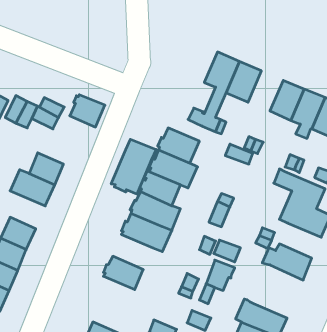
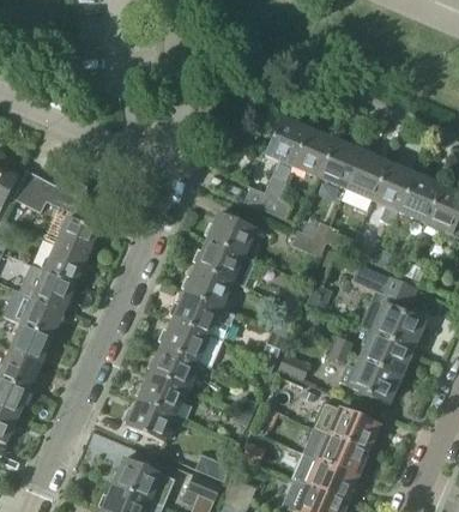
building: none -> [319,139,363,189]
building: [70,95,105,127] -> [54,216,98,257]
building: [111,139,156,194] -> none
building: none -> [19,290,64,338]
building: none -> [358,331,411,375]
building: none -> [147,345,199,390]
building: none -> [125,398,176,441]
building: none -> [318,403,379,451]

